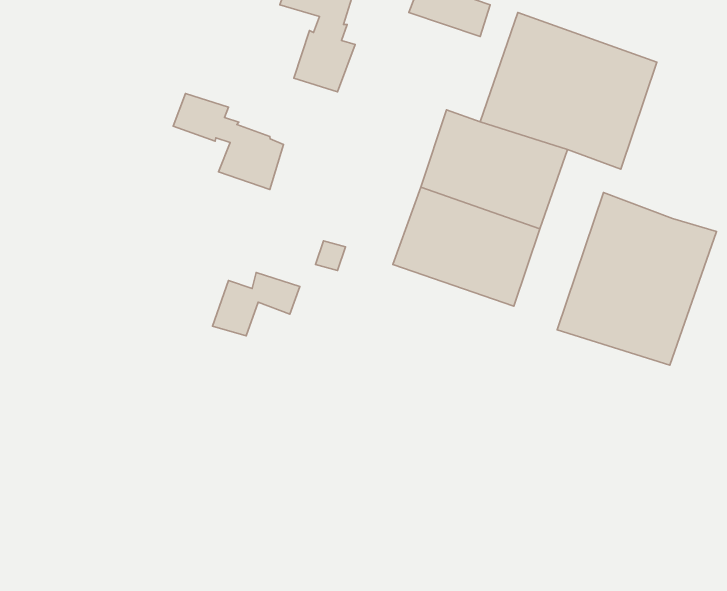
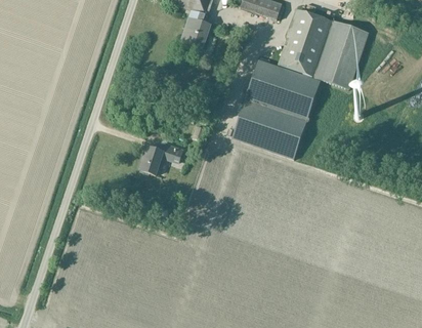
building: [173,93,284,190] -> none
building: [557,193,716,365] -> none

